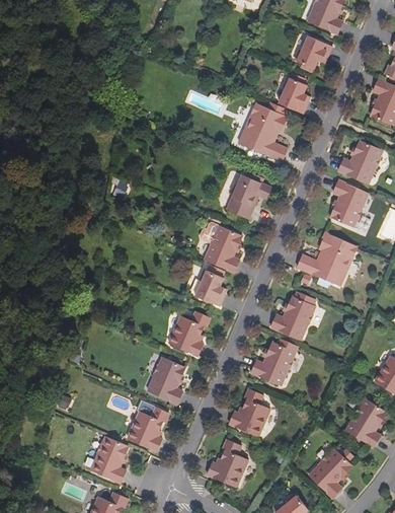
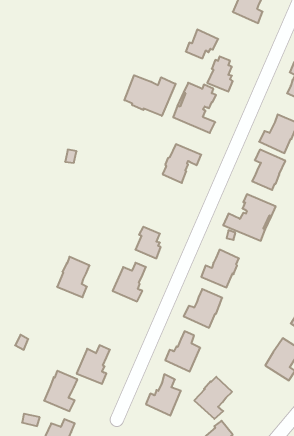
building: [295,35,332,69] -> [186,29,218,58]
building: none -> [124,75,176,116]
building: [205,226,242,273] -> none
building: [148,357,185,404] -> [57,257,90,297]
building: [309,448,352,497] -> [194,377,232,419]

